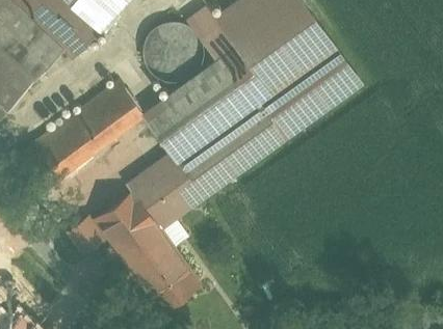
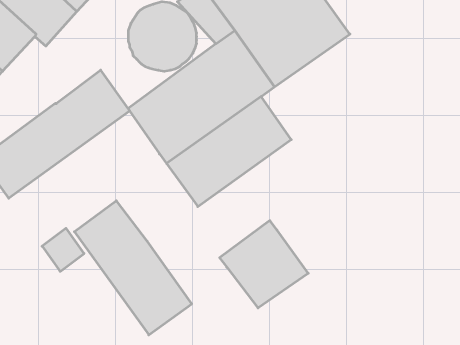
building: [260,50,363,141] -> none
building: [128,154,205,229] -> [220,221,308,308]

